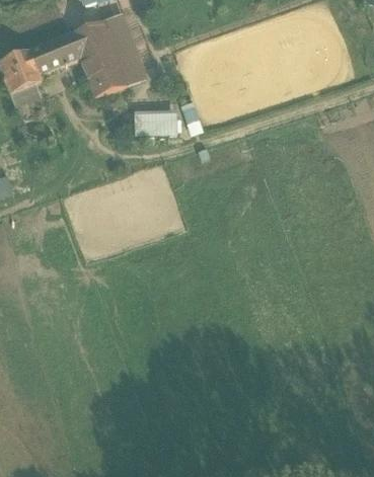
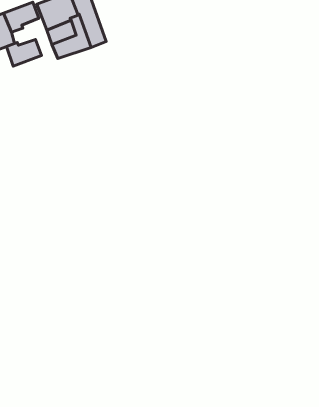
building: none -> [6,39,42,66]
building: [134,106,177,130] -> none

